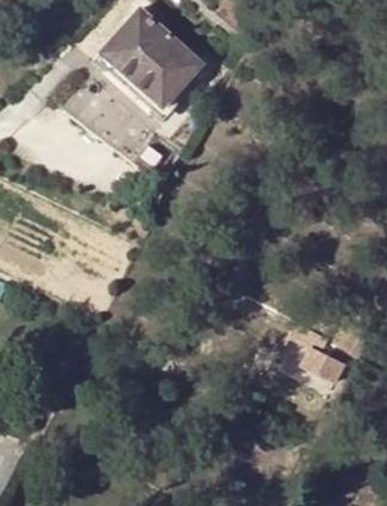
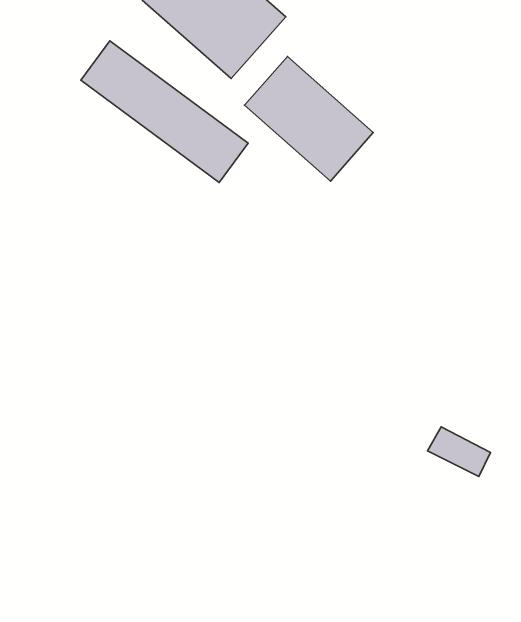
building: none -> [245,57,373,181]

